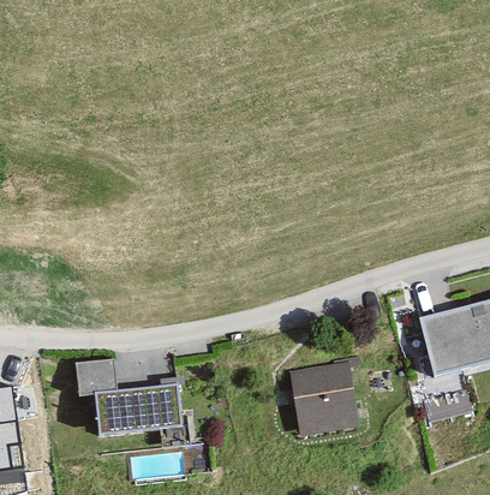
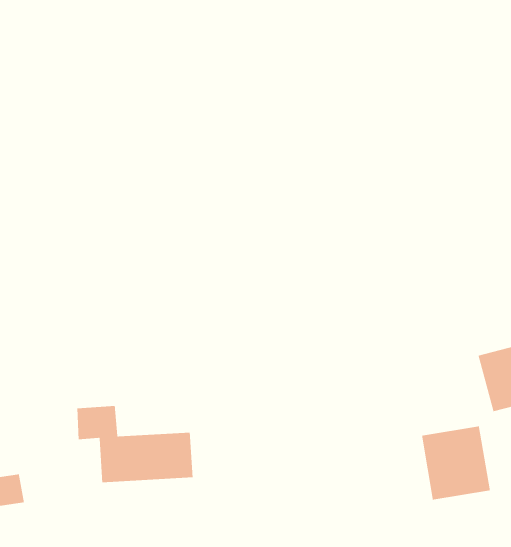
building: [293,366,353,431] -> [421,425,491,501]

